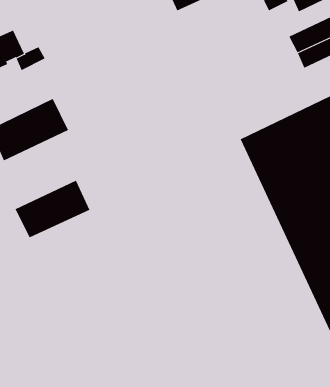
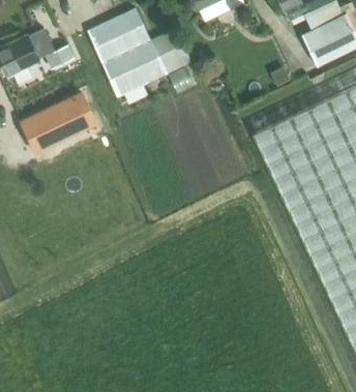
building: none -> [87,9,192,98]
building: [15,180,90,238] -> none

